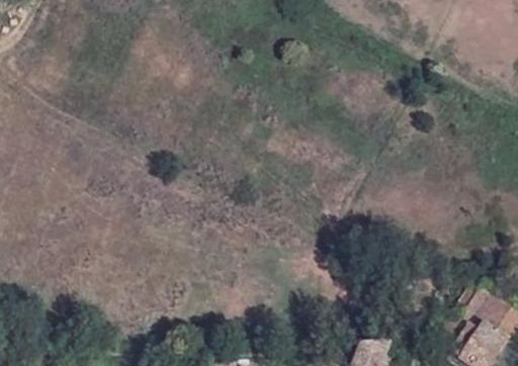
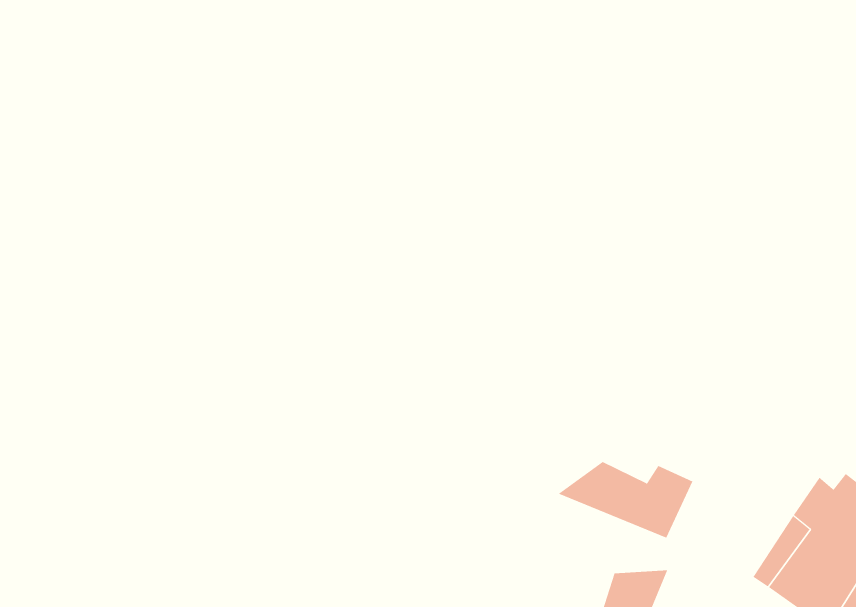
building: none -> [558,461,693,539]

